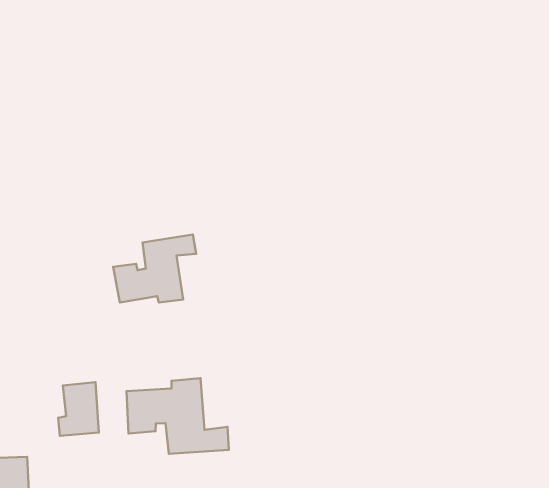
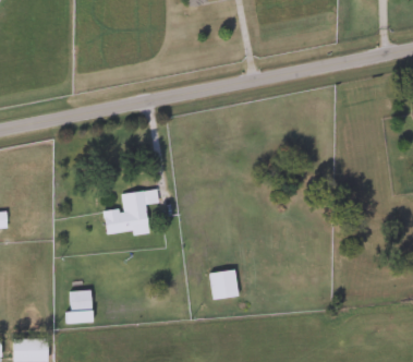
building: none -> [210,269,239,299]
building: [127,378,229,454] -> none

